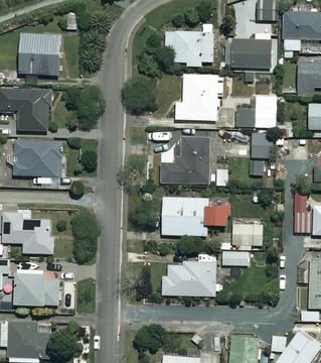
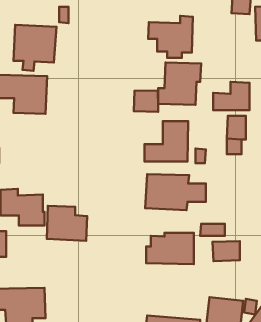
building: [225,34,271,69] -> none
building: none -> [134,91,158,112]
building: [12,139,61,177] -> none
building: [231,223,262,245] -> [212,241,240,261]
building: [14,269,58,308] -> [47,206,87,241]

